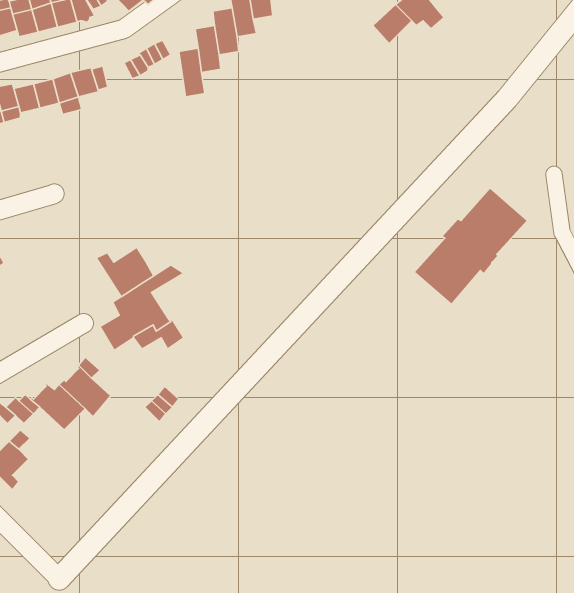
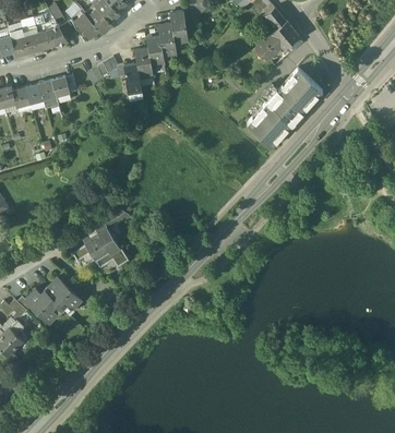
building: [414,188,527,304] -> [247,69,323,147]
building: [96,247,154,297] -> none

